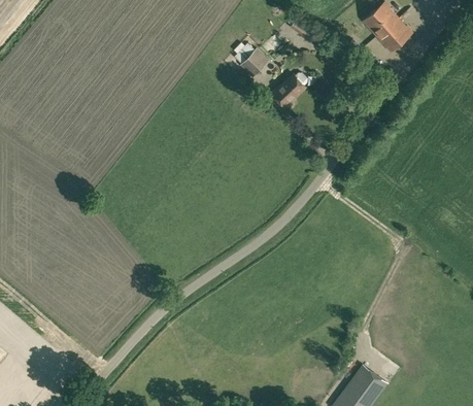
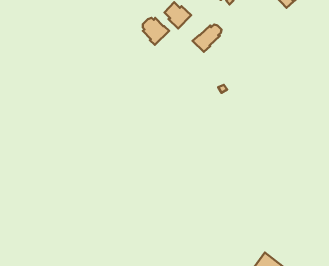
building: none -> [143,18,169,45]

